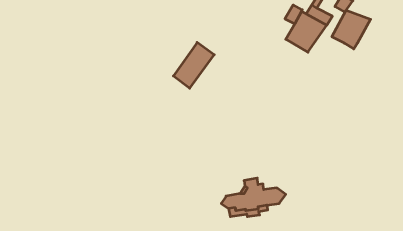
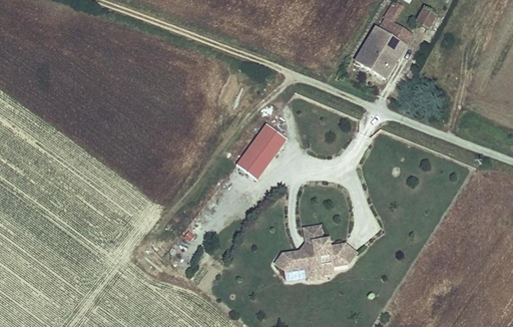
building: [332,10,371,49] -> none
building: [173,42,214,88] -> [235,122,286,179]

